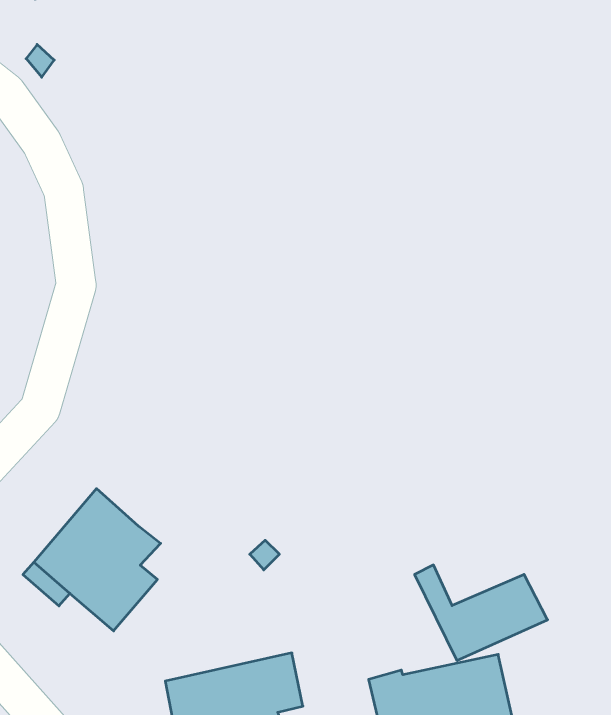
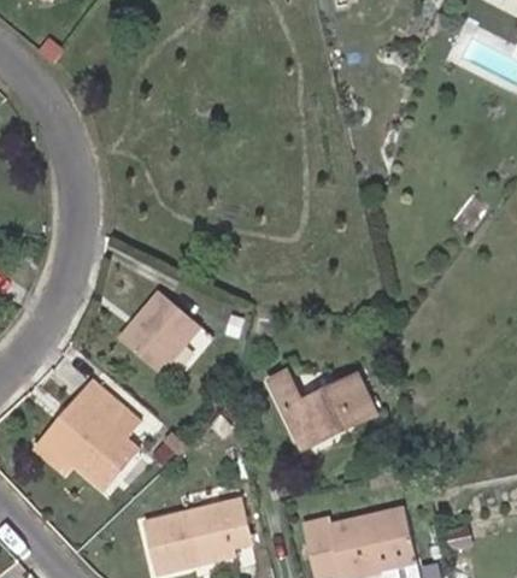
building: none -> [121,290,199,368]
building: [415,565,548,660] -> [275,371,377,444]

